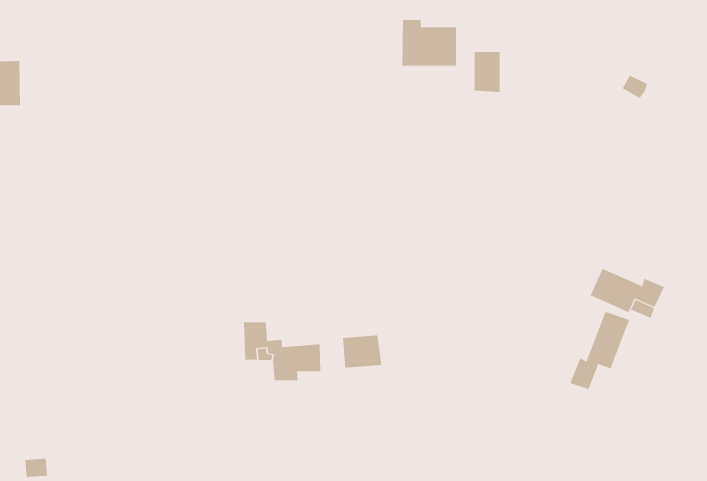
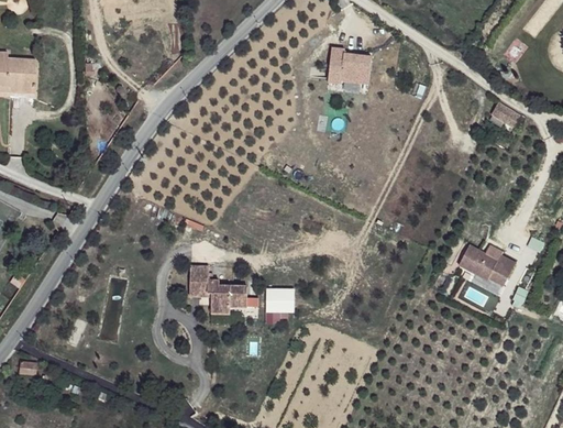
building: [474,51,500,93] -> none
building: [570,311,630,390] -> none

